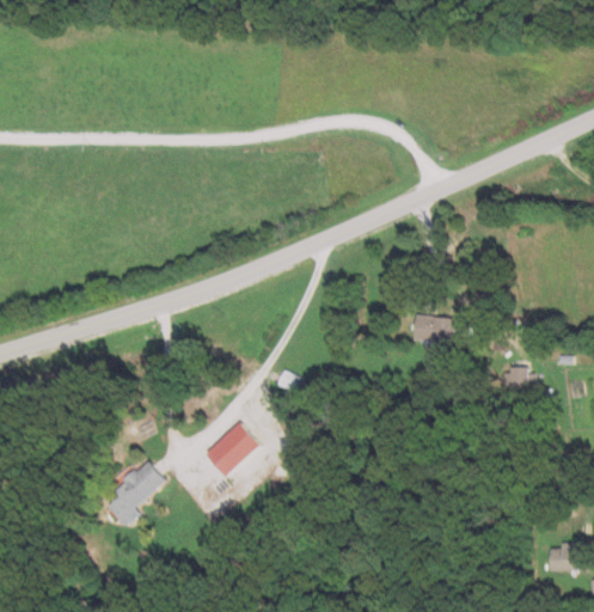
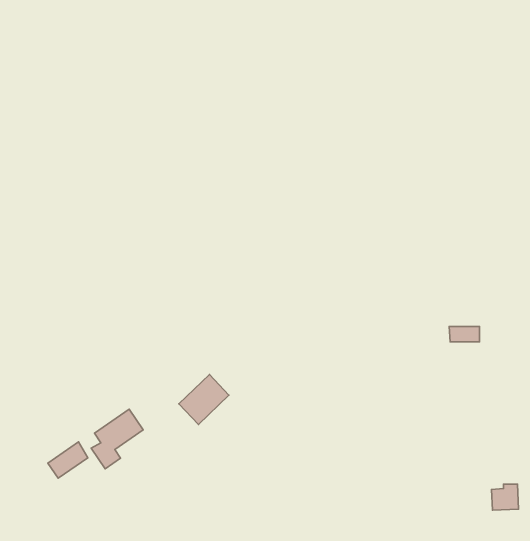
building: [415,316,452,341] -> none
building: none -> [48,442,88,478]

